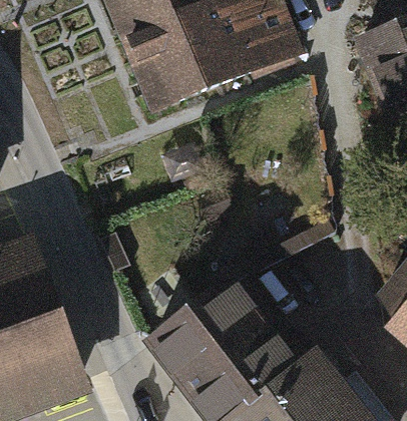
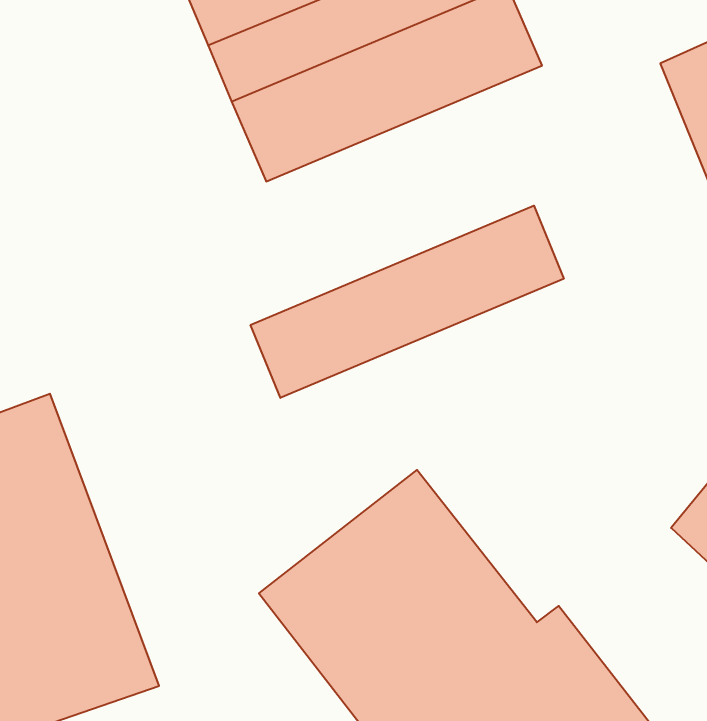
building: none -> [251,206,564,398]

